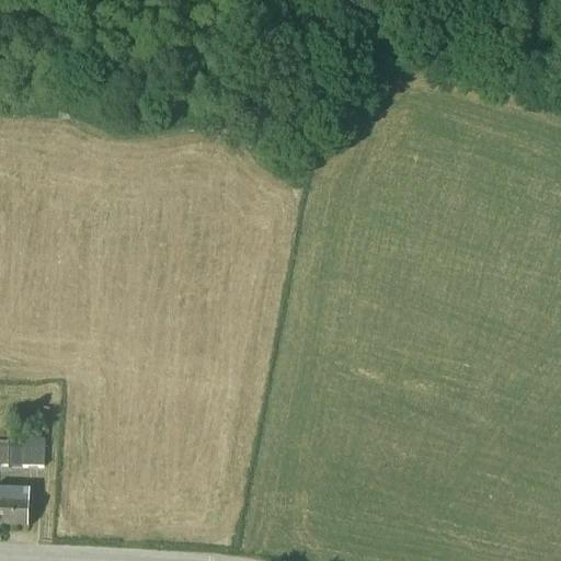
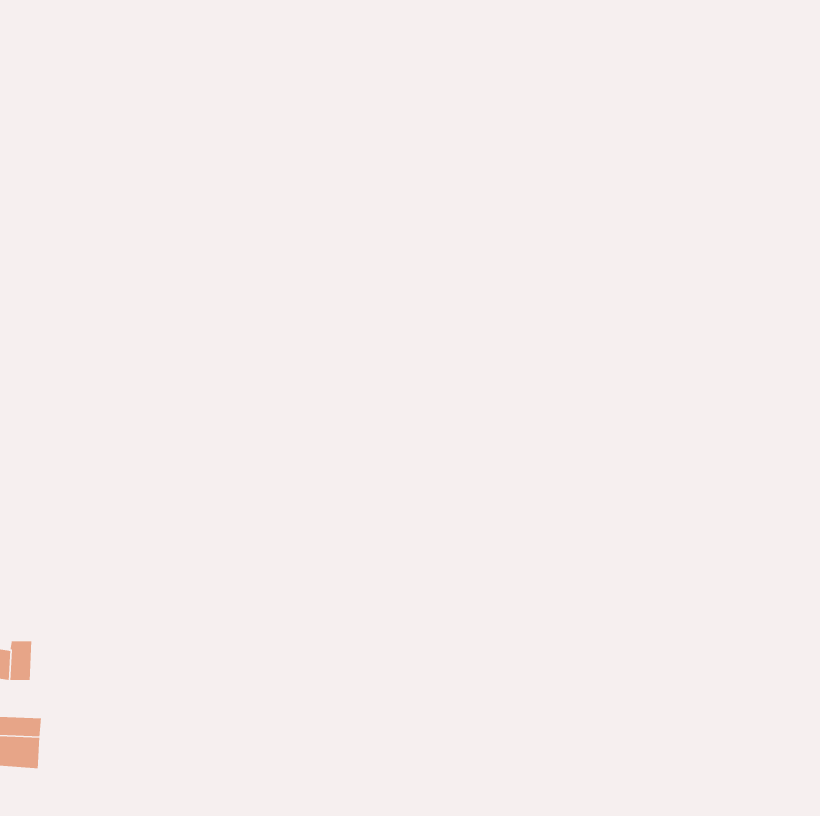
building: [21,436,44,463] -> none

